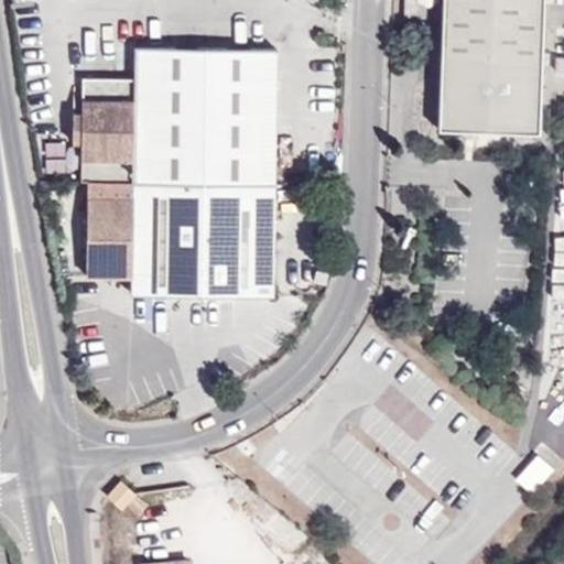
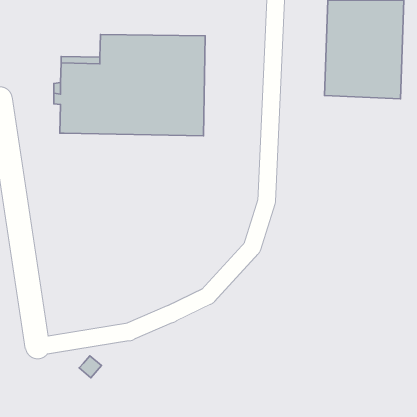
building: [85,181,275,296] -> none

